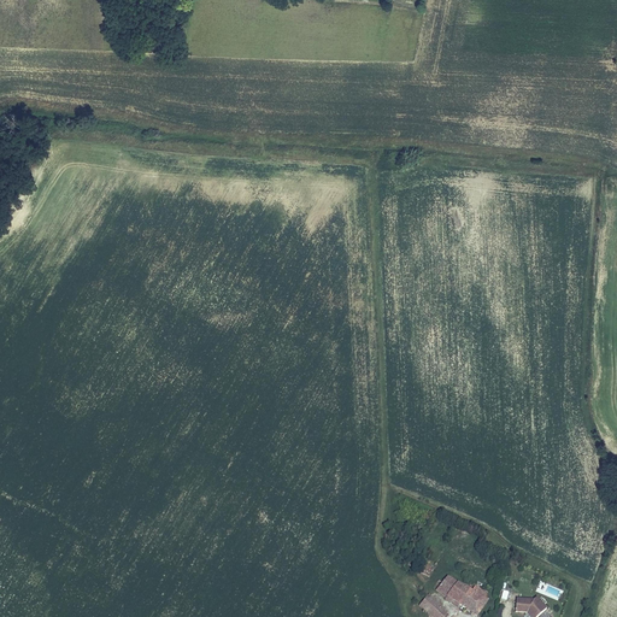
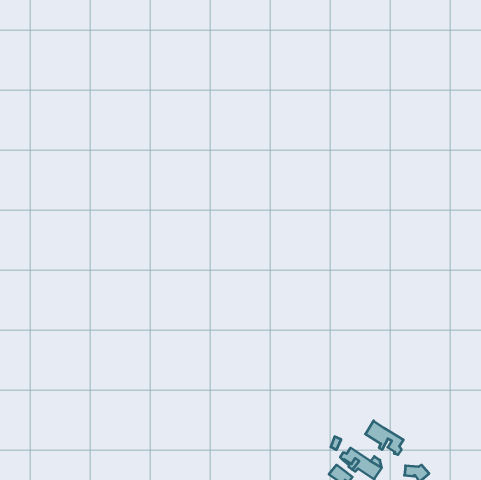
building: none -> [365,421,403,455]

